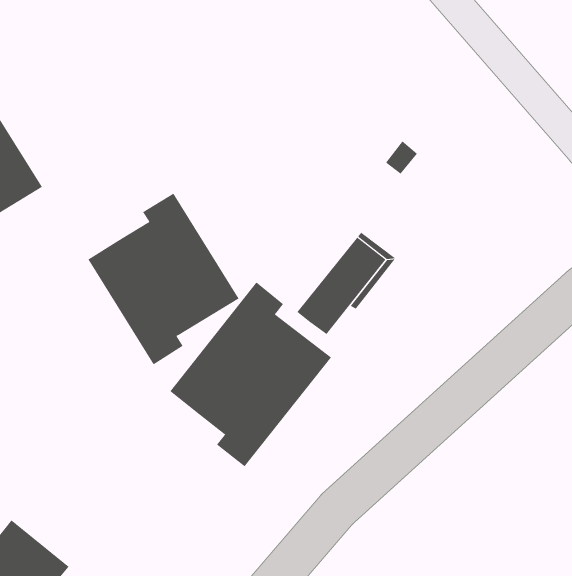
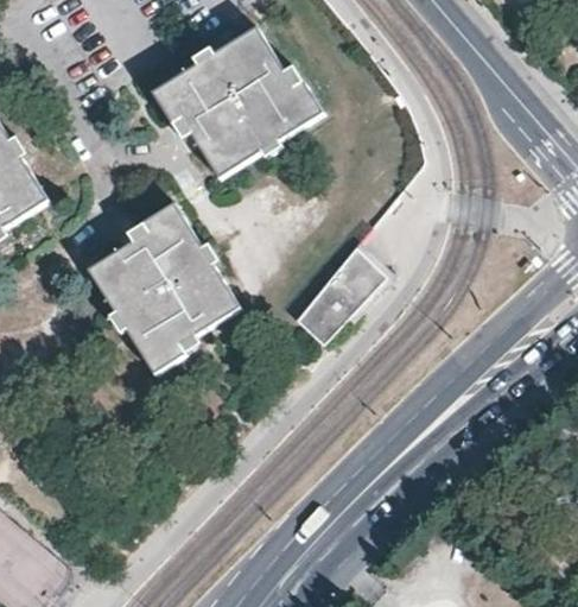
building: none -> [153,29,322,177]
building: [170,282,332,467] -> none

